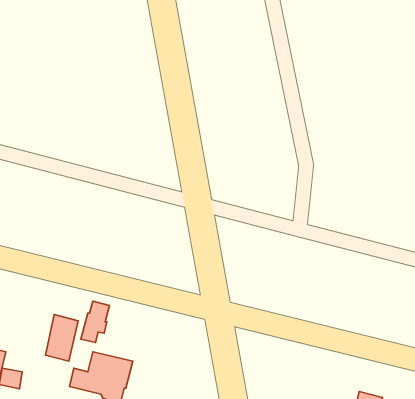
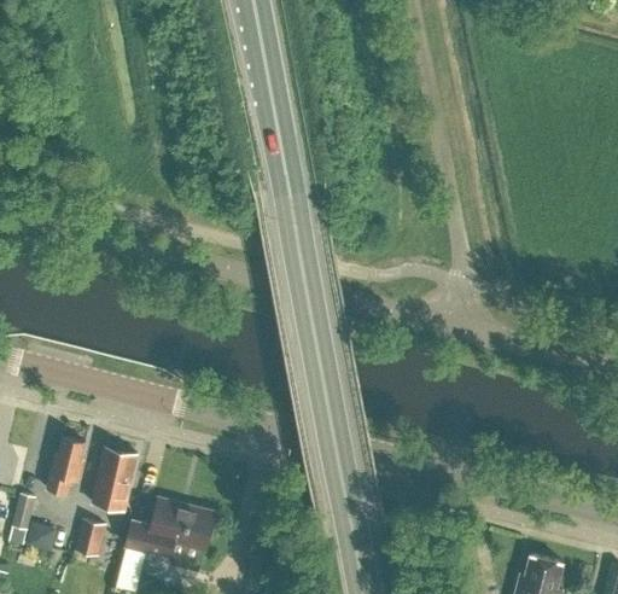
building: [81,301,109,343] -> [45,438,84,496]
building: none -> [74,520,105,557]

